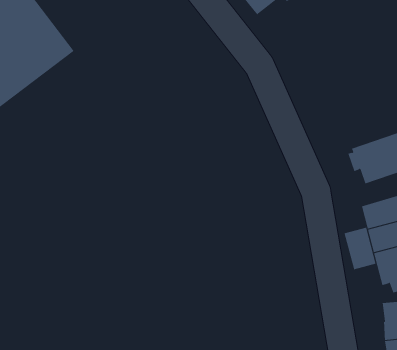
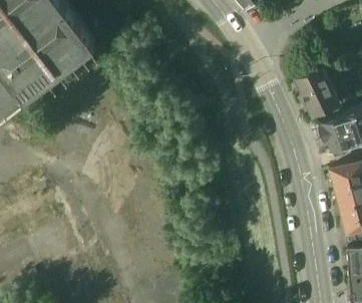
building: none -> [295,70,340,120]
building: [344,227,376,270] -> none

